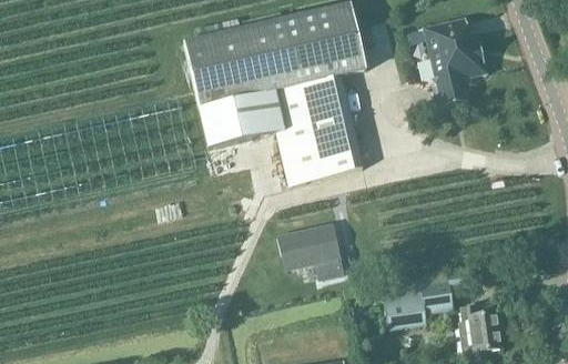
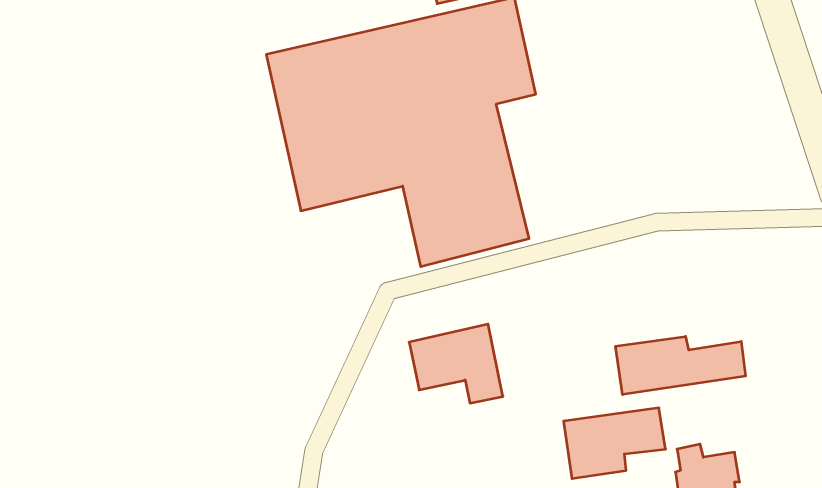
building: [418,18,485,107] -> none
building: none -> [616,336,746,395]

